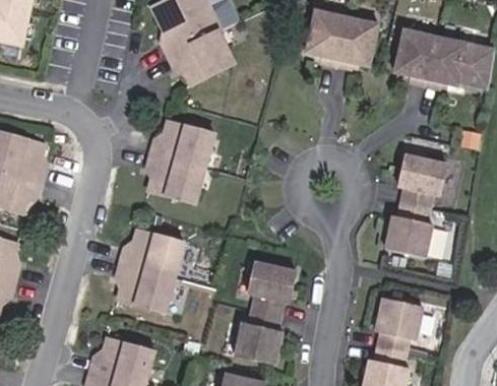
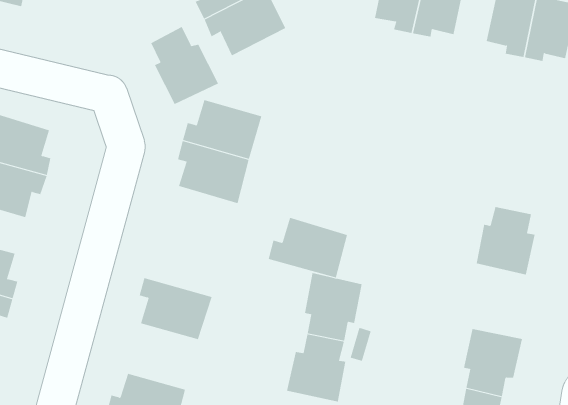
building: none -> [150,26,219,105]
building: [398,155,446,210] -> none
building: [120,228,184,276] -> [268,217,348,278]

